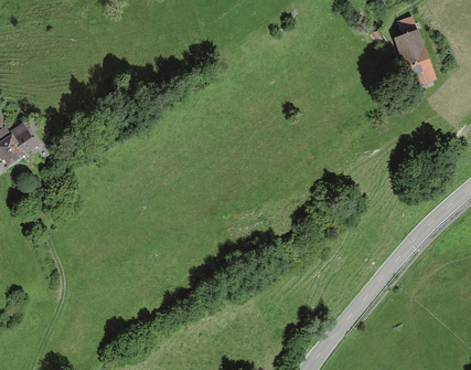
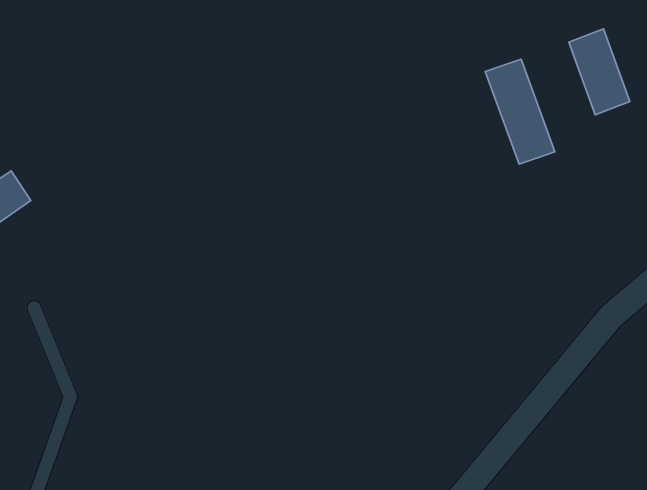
building: none -> [485,59,555,164]

